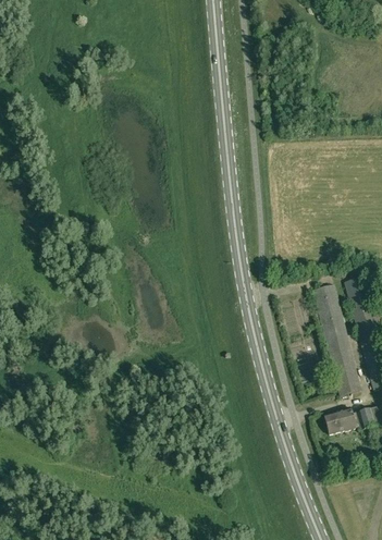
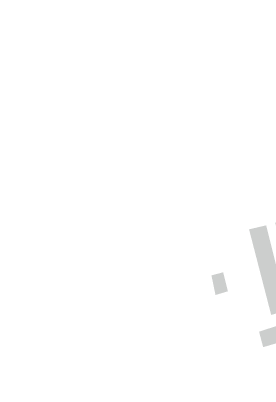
building: none -> [211,271,229,296]

